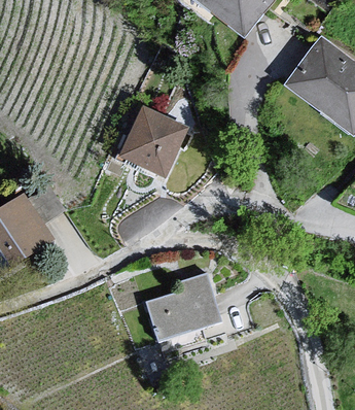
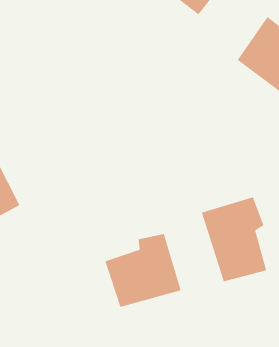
building: [118,106,185,178] -> none
building: none -> [201,196,267,282]

